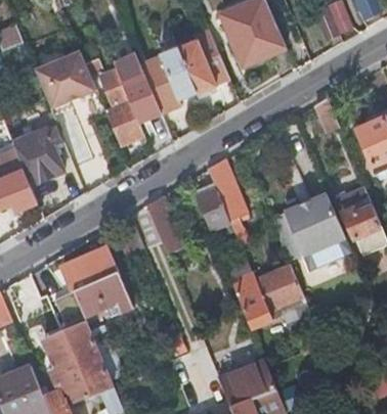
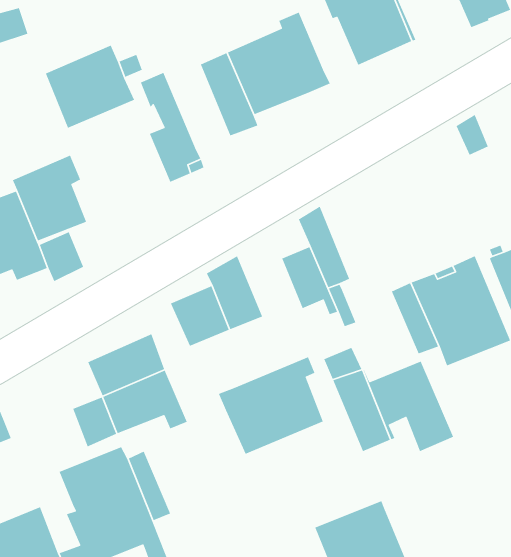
building: [113,52,161,122] -> none
building: none -> [218,356,324,455]

